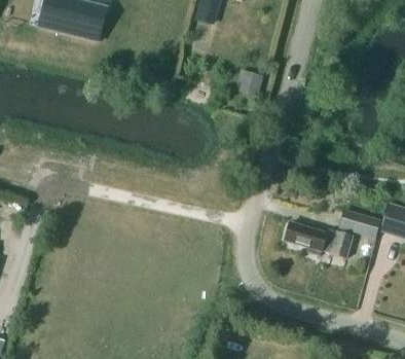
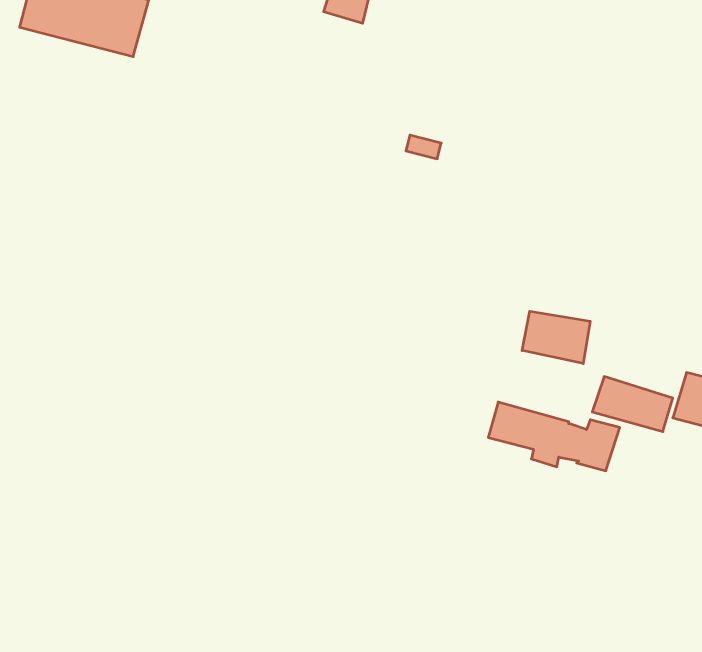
building: none -> [522,311,590,364]

